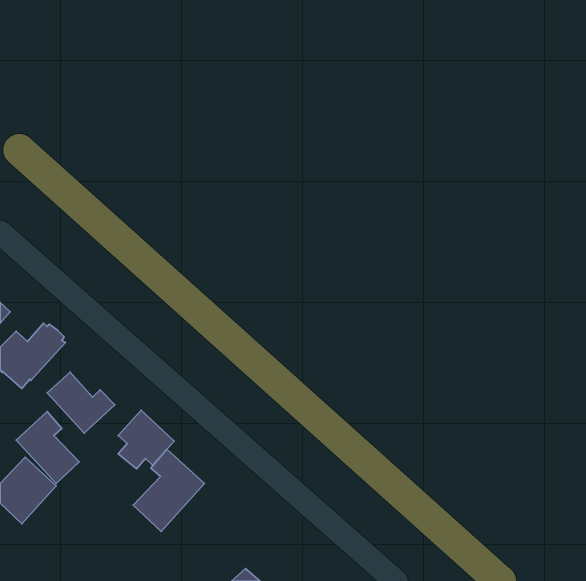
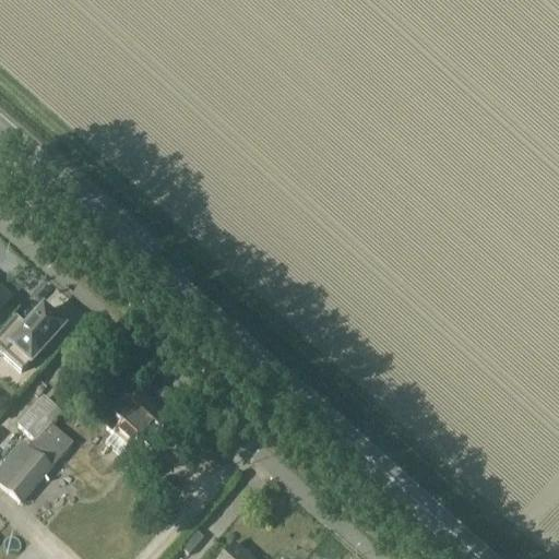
building: [47,372,115,433] -> none
building: [133,449,205,531] -> none

